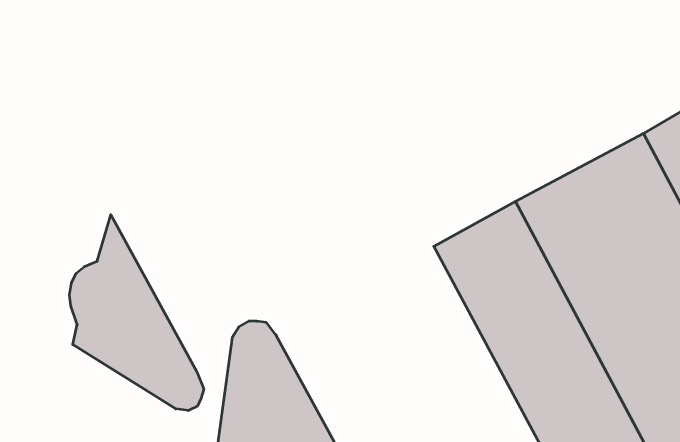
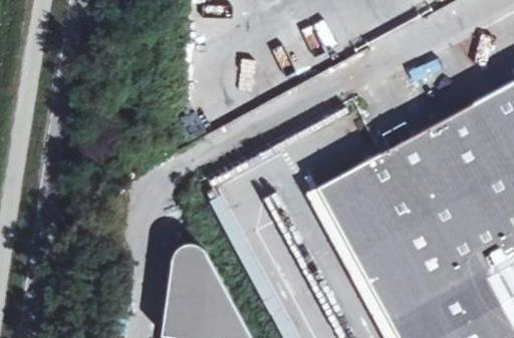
building: [69,215,204,411] -> none

